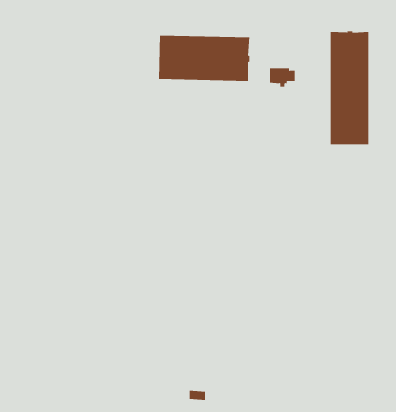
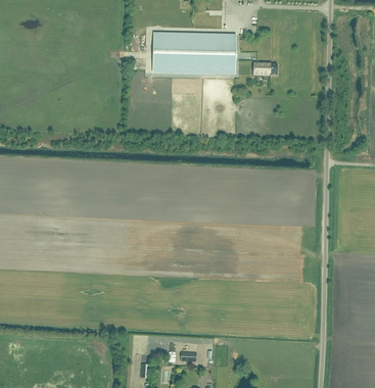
building: [330,31,369,145] -> none

